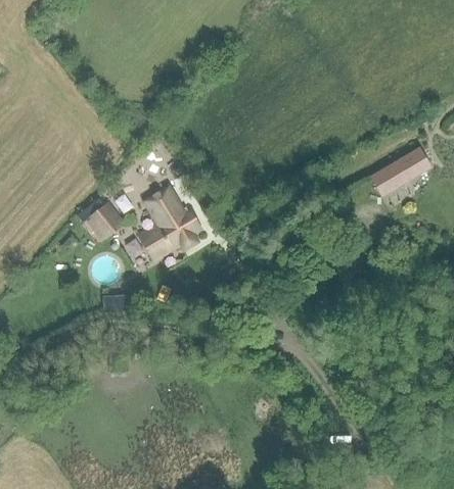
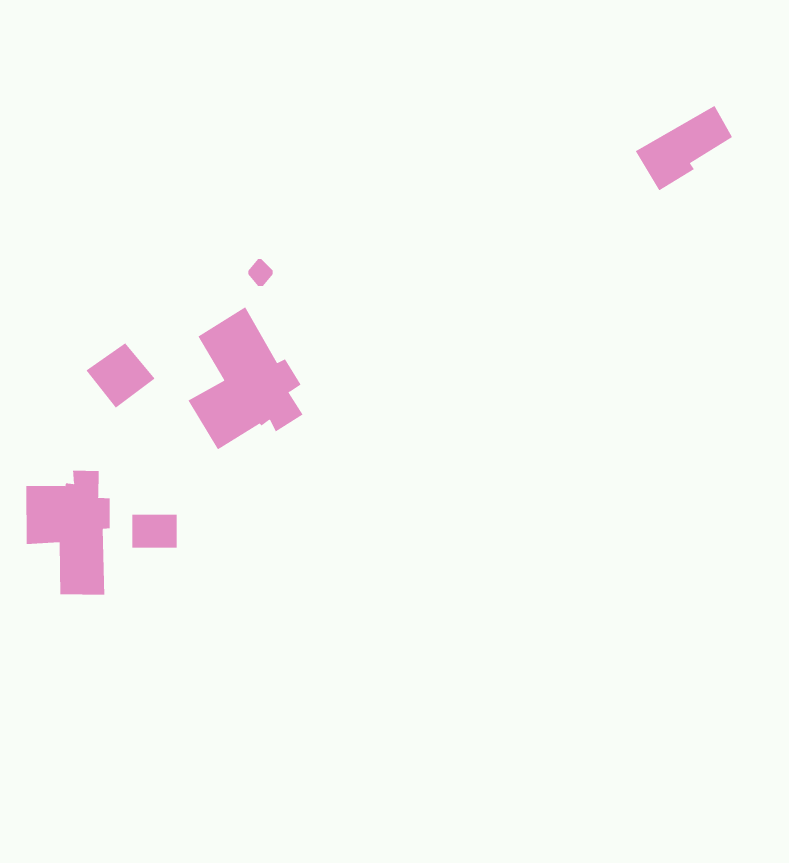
building: [377,148,427,192] -> [635,105,733,191]
building: none -> [26,470,110,595]

